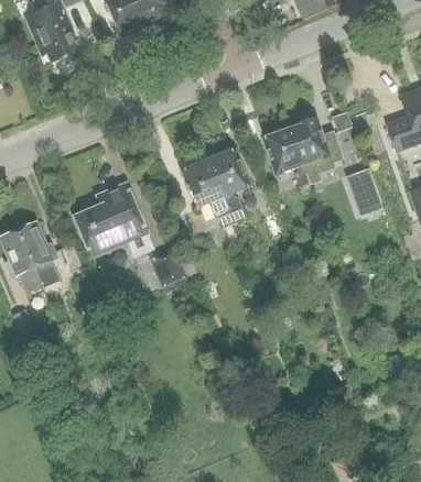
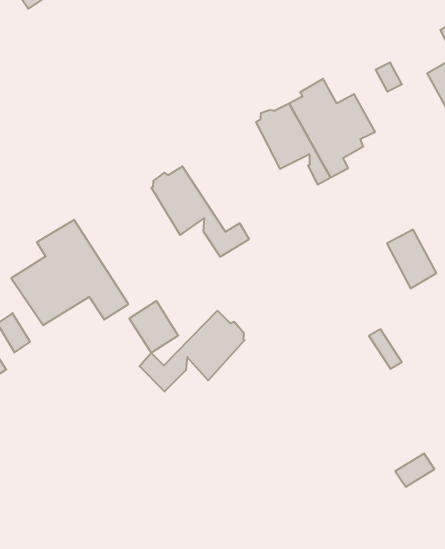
building: [206,147,248,209] -> none
building: [348,168,379,209] -> [387,230,436,289]
building: none -> [139,311,245,392]

